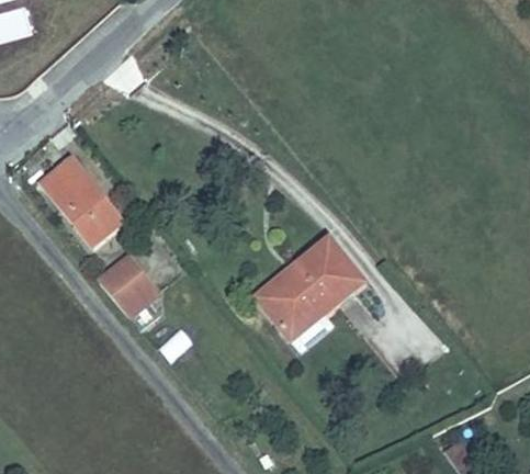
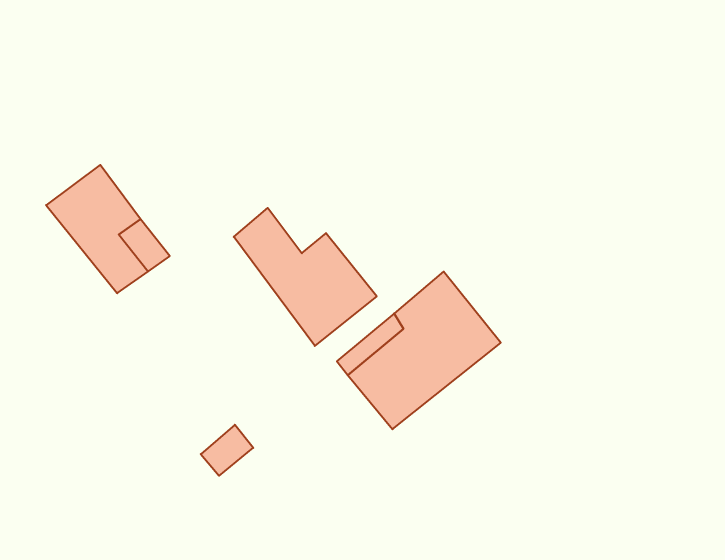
building: none -> [234,208,377,346]
building: [103,259,150,306] -> none

